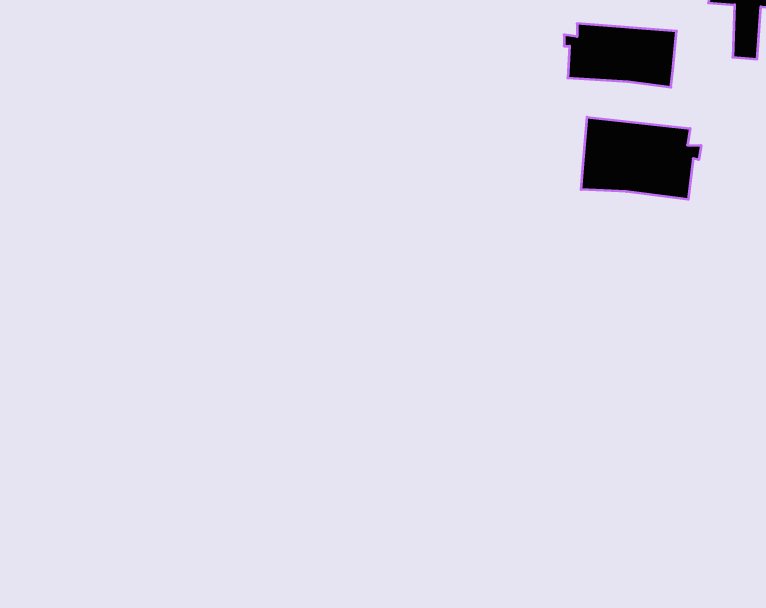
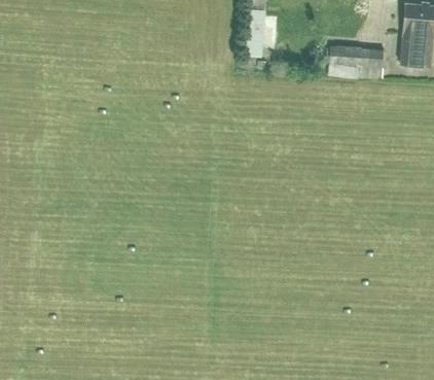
building: [581,117,701,199] -> none

